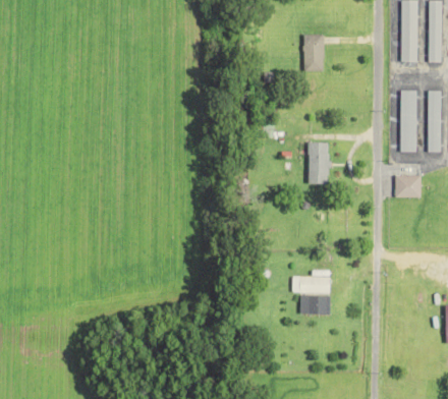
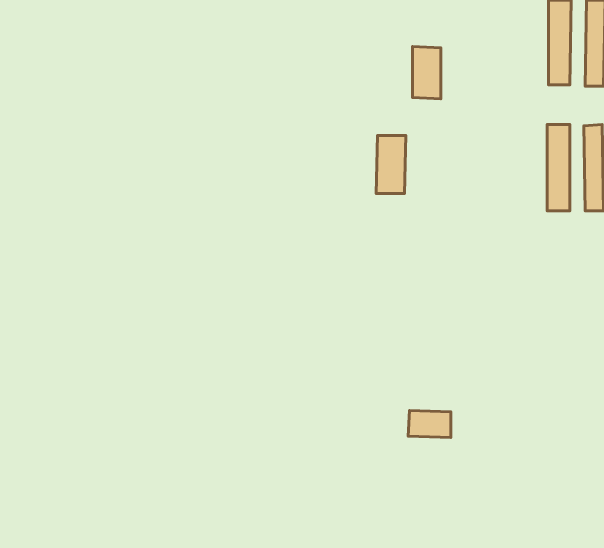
building: [309,141,330,183] -> [376,136,406,194]
building: [395,175,421,197] -> none
building: [291,277,330,293] -> none

